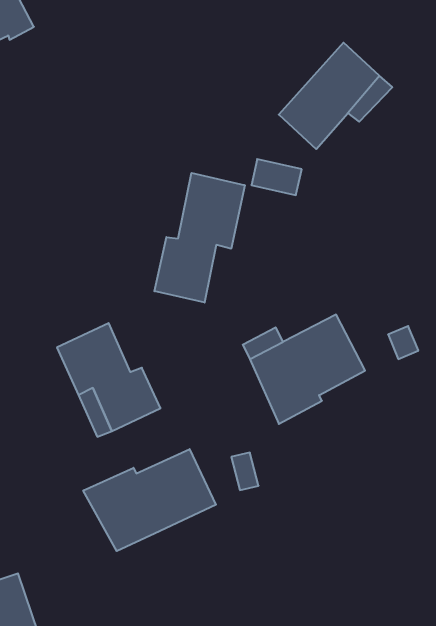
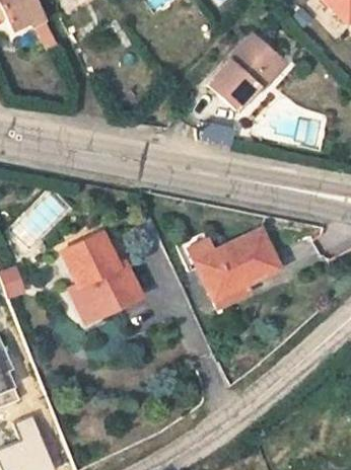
building: [154,173,245,303] -> none
building: [83,449,216,551] -> none

